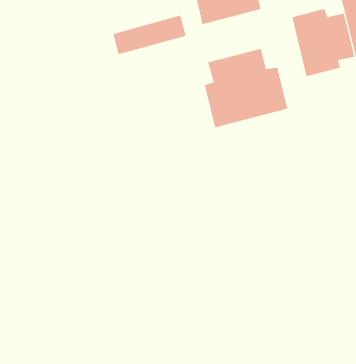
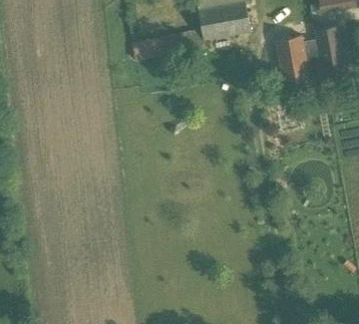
building: [204,48,288,128] -> none

